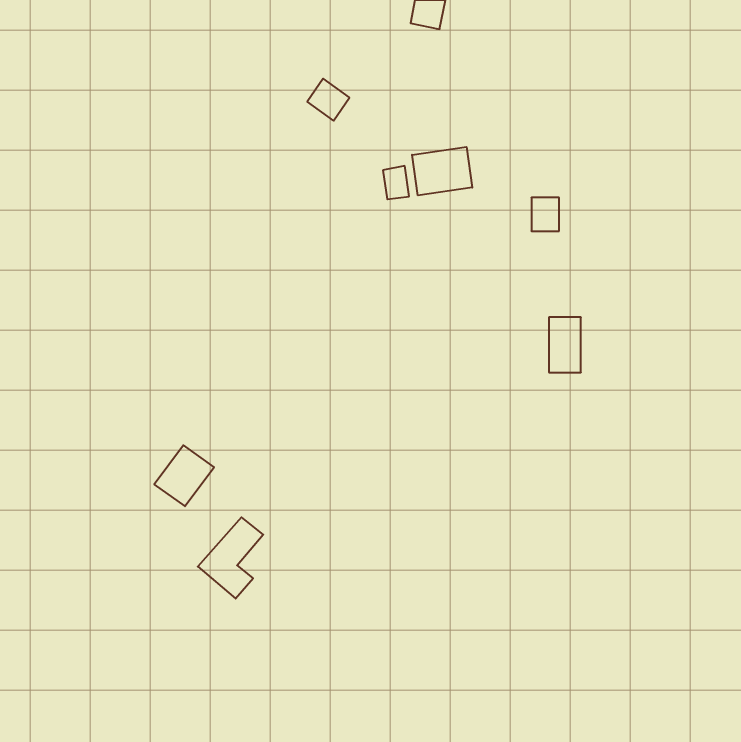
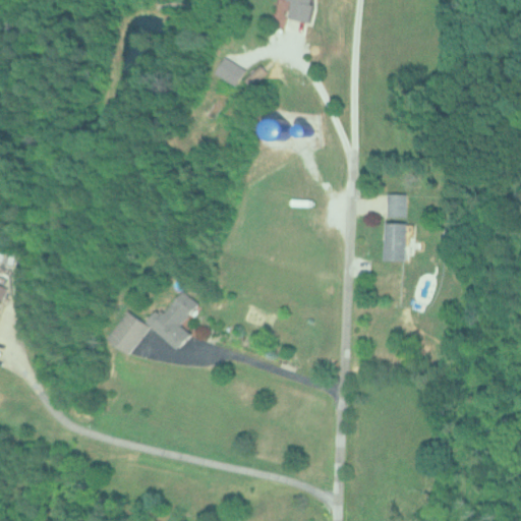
building: [412,147,472,195] -> none
building: [531,198,559,231] -> [387,194,406,218]
building: [198,517,263,599] -> [152,292,197,349]

